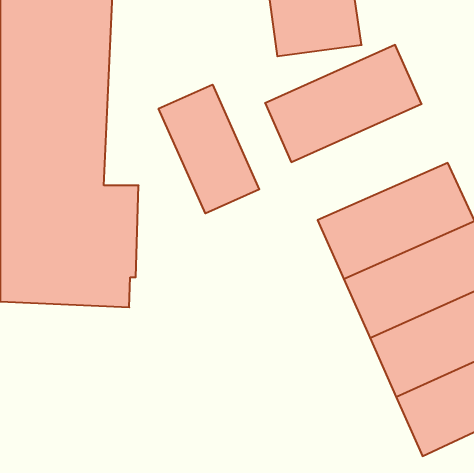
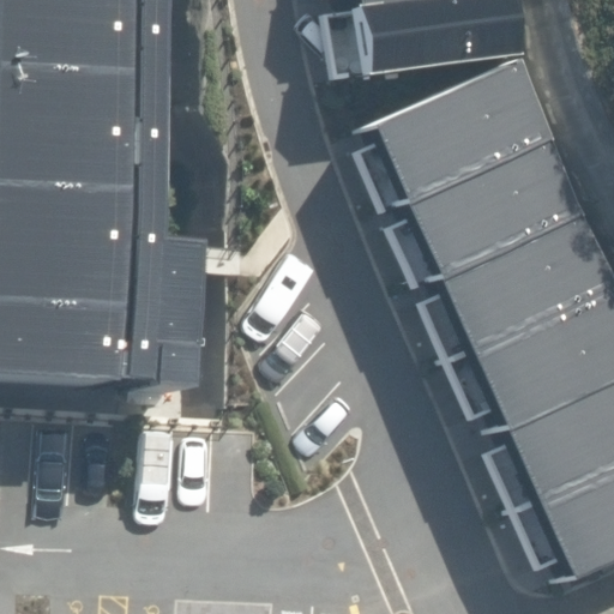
building: [159,85,259,213] -> none
building: none -> [379,133,579,282]

